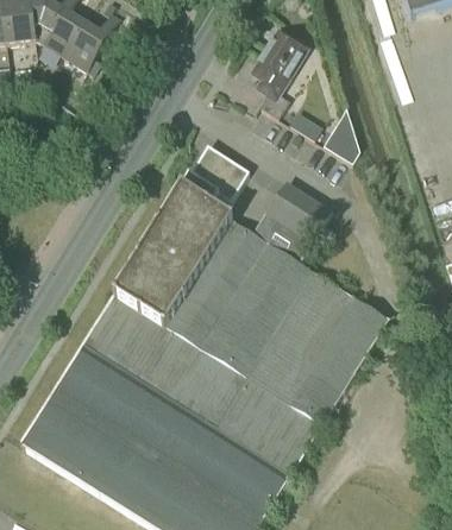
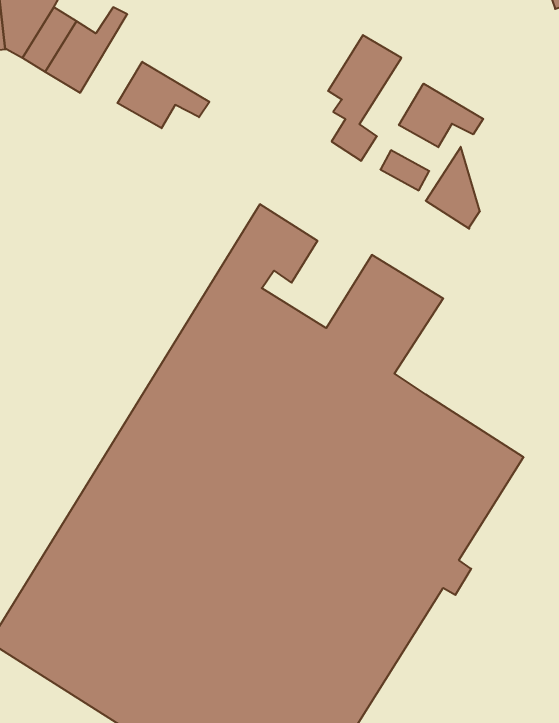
building: none -> [117,62,209,128]
building: none -> [399,84,483,147]

